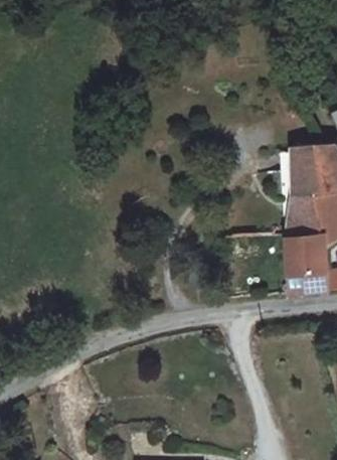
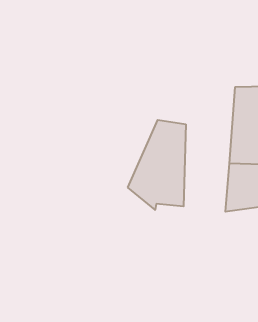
building: none -> [128,120,186,210]

